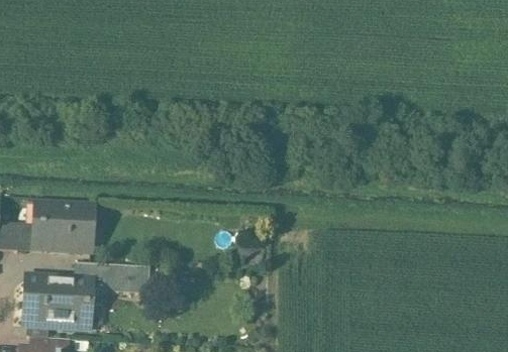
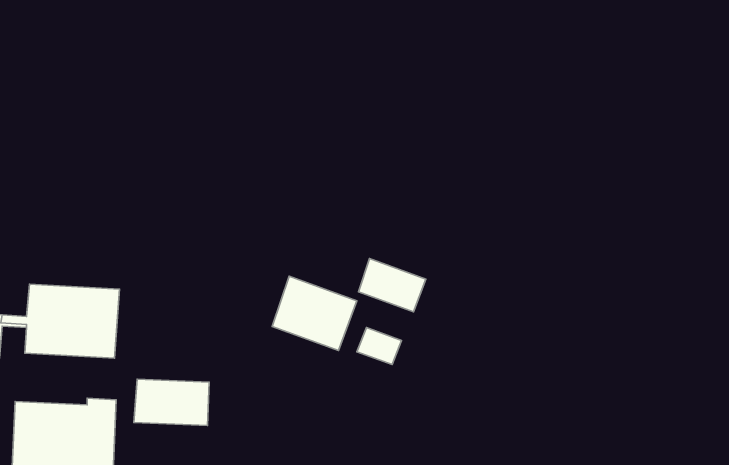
building: none -> [358,259,426,312]
building: none -> [272,276,357,351]

